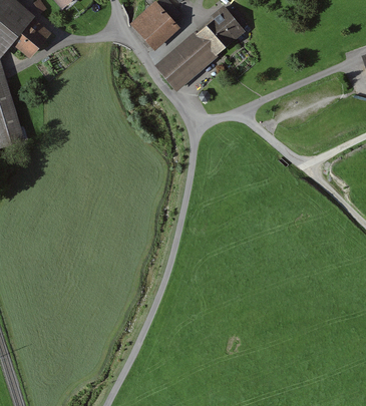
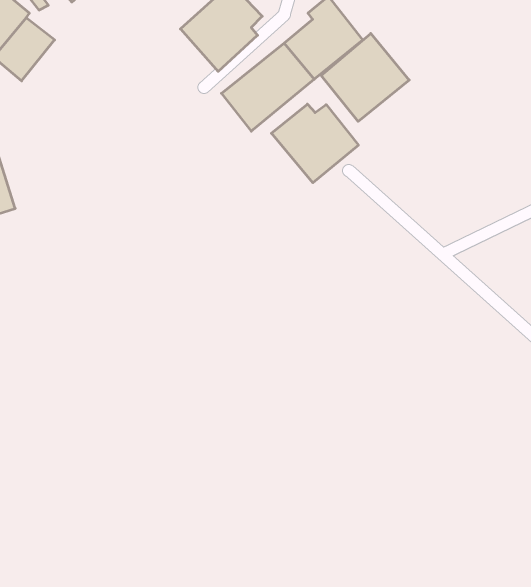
building: none -> [321,33,409,121]
building: none -> [271,104,358,183]

